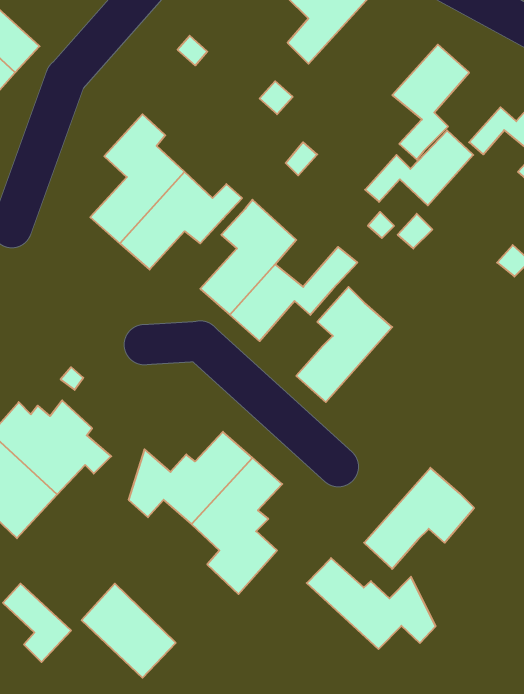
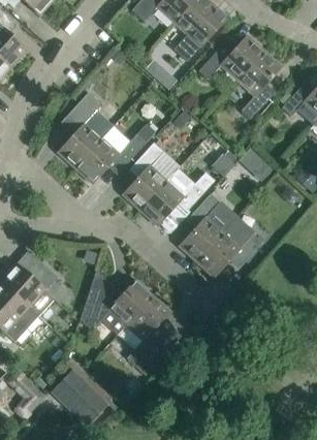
building: [365,130,473,205] -> [198,35,262,80]
building: [364,468,474,569] -> [196,217,261,277]
building: [307,558,435,649] -> none

